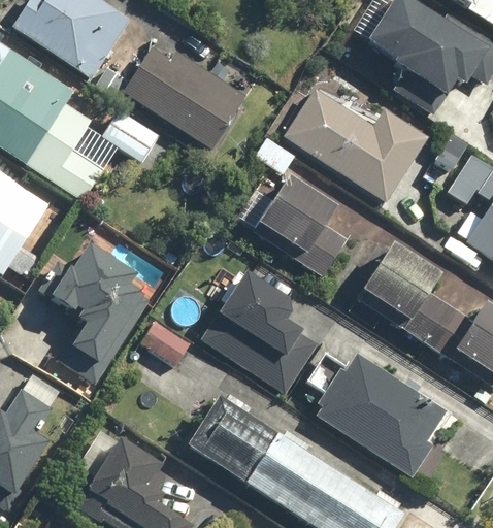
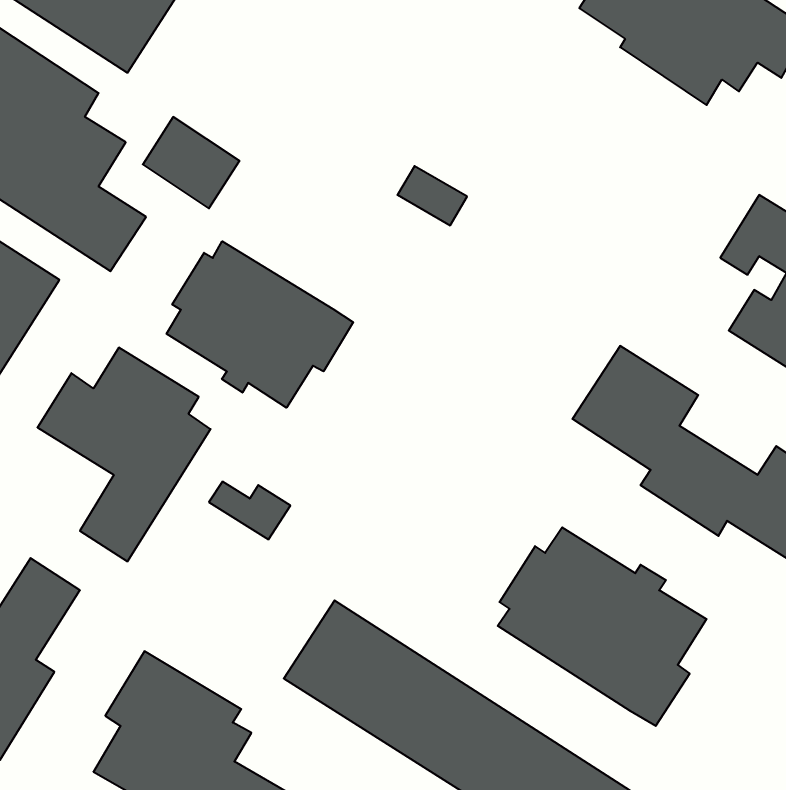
building: [121,46,249,150] -> none
building: [284,89,428,202] -> none
building: [237,177,349,272] -> none
building: none -> [167,241,353,408]
building: [201,270,319,390] -> none

